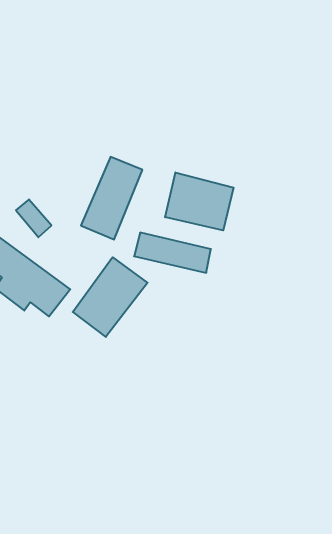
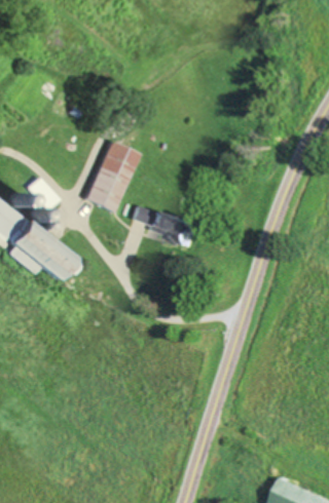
building: [165,172,234,230] -> none
building: [73,257,148,337] -> none

